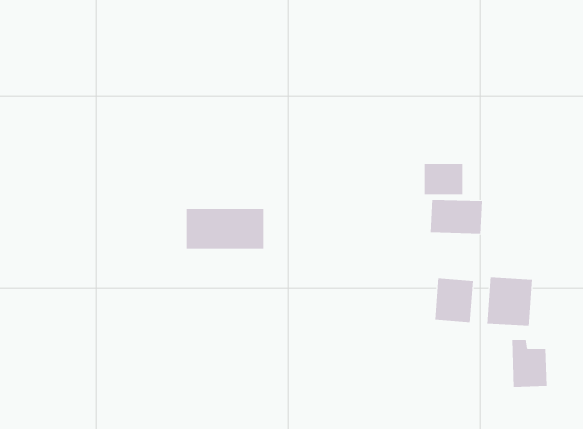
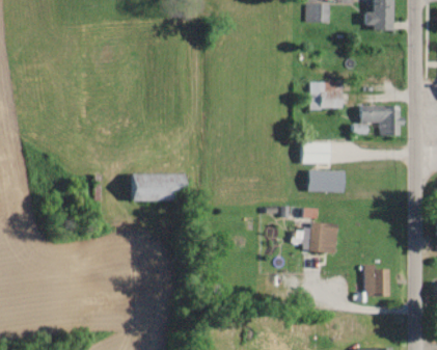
building: none -> [313,82,348,110]
building: none -> [359,103,399,136]
building: [487,277,533,327] -> none

